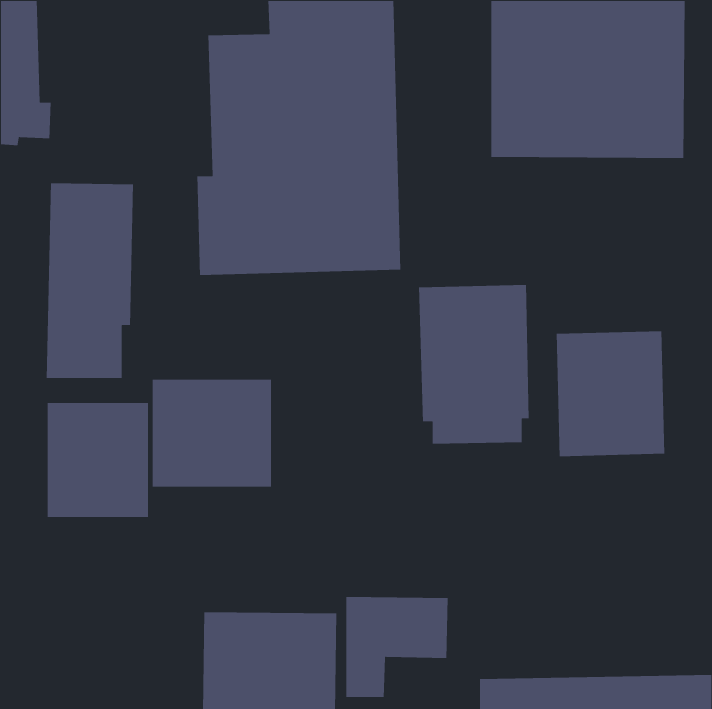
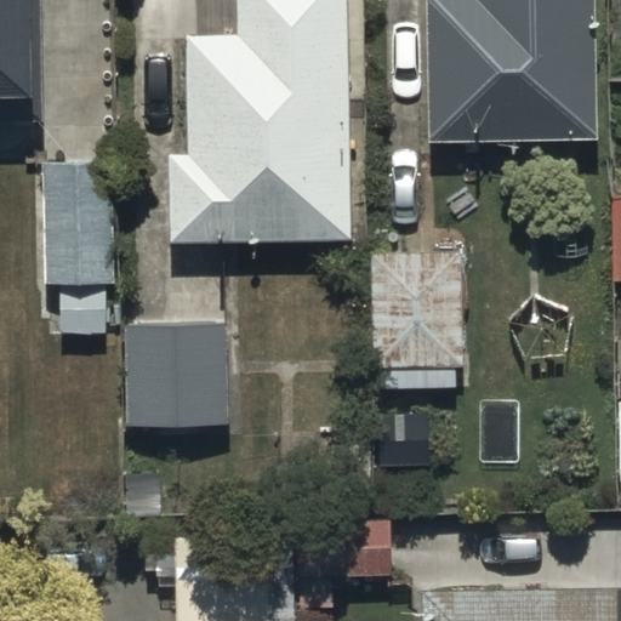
building: [556,330,665,457] -> none
building: [47,402,149,518] -> none

